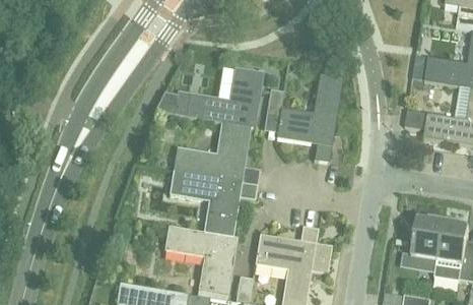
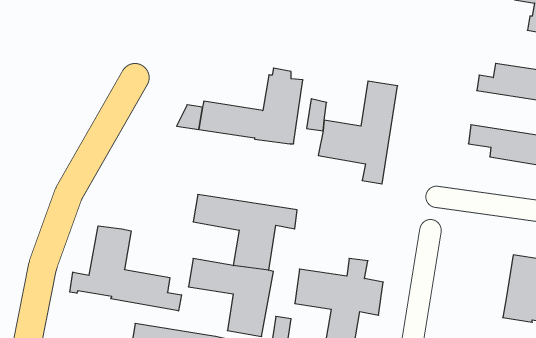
building: [173,123,260,184] -> none
building: none -> [70,226,181,311]
building: [411,219,444,260] -> none

